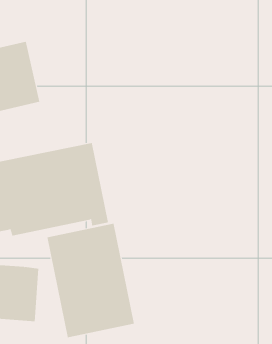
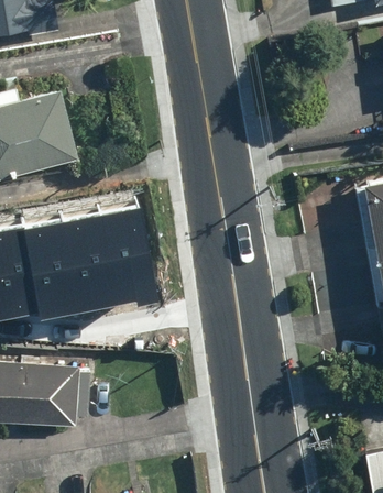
building: [47,223,134,338] -> none

